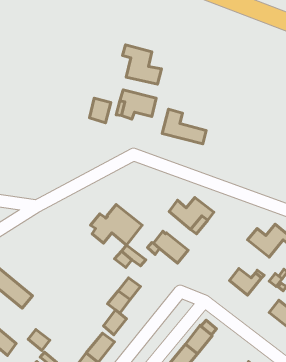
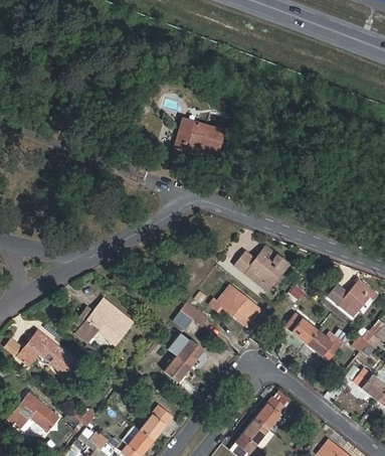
building: [123,45,162,84] -> none
building: [90,98,111,123] -> none
building: [162,109,206,144] -> none
building: [90,204,142,245] -> [73,299,134,346]
building: none -> [283,313,317,344]
building: [103,310,127,335] -> none

